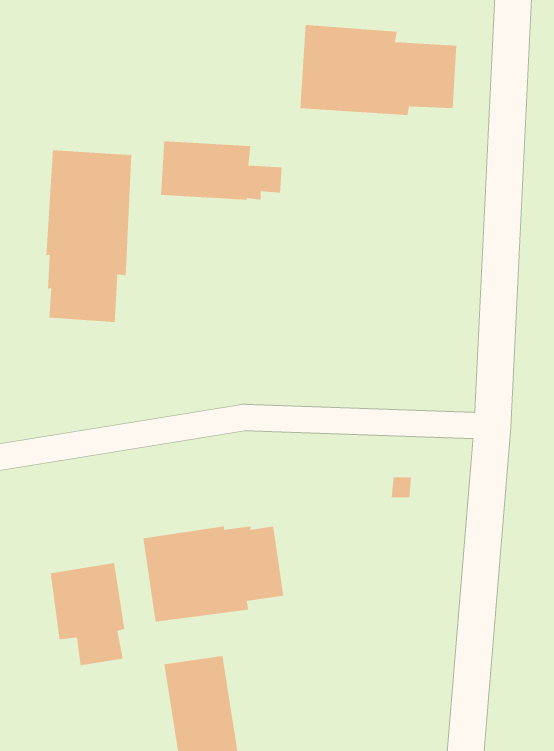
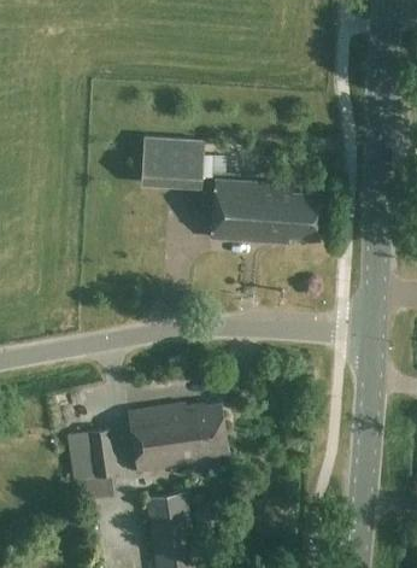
building: [300,24,457,115] -> [213,180,322,242]
building: [46,150,132,323] -> none

